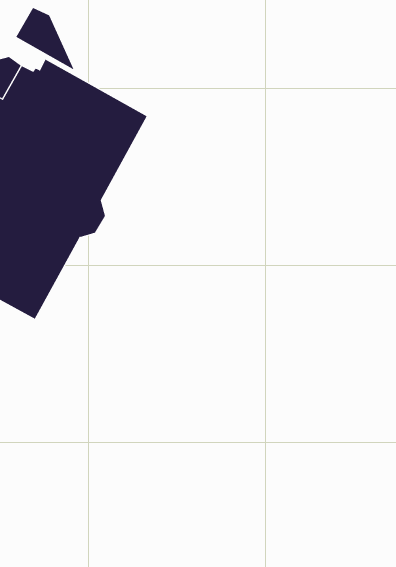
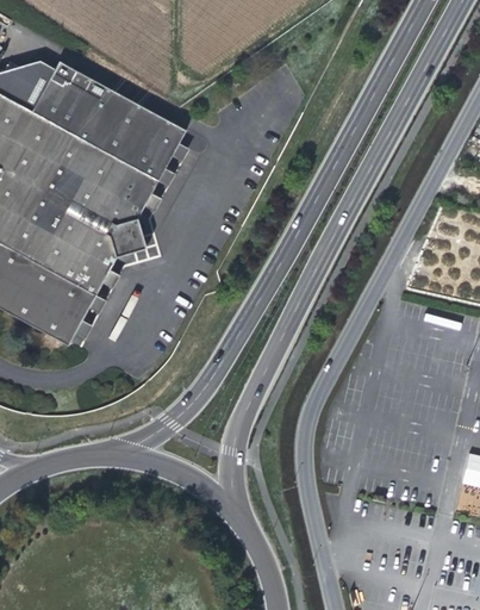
building: [16,7,75,71] -> none

